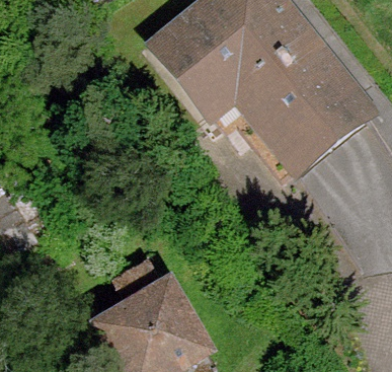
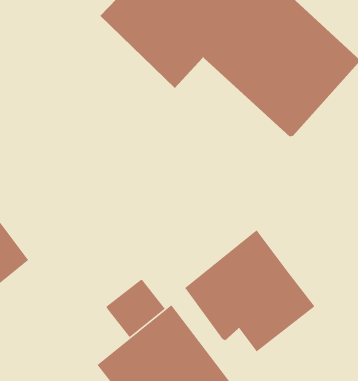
building: none -> [184,229,315,353]

